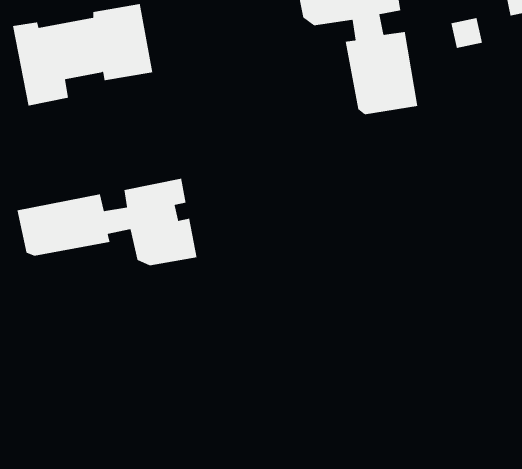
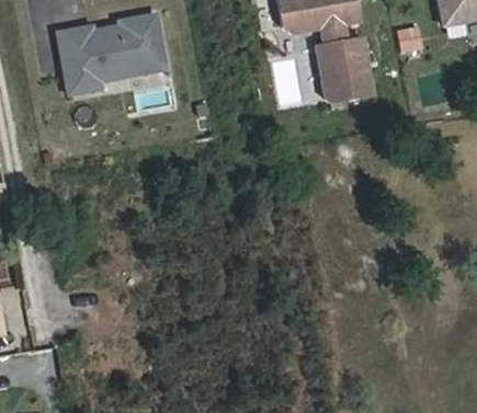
building: [17,178,197,266] -> none

